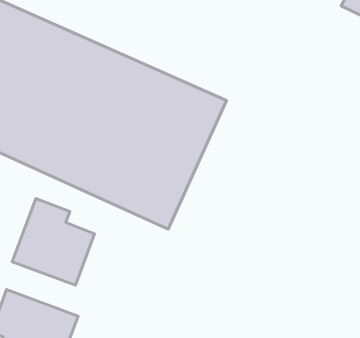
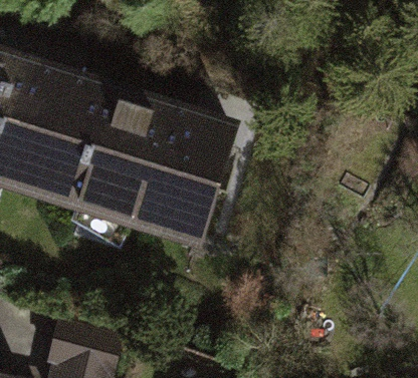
building: [12,199,95,285] -> none

